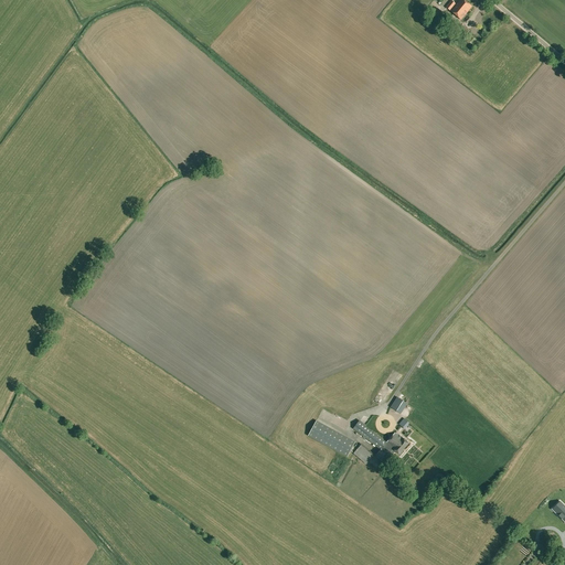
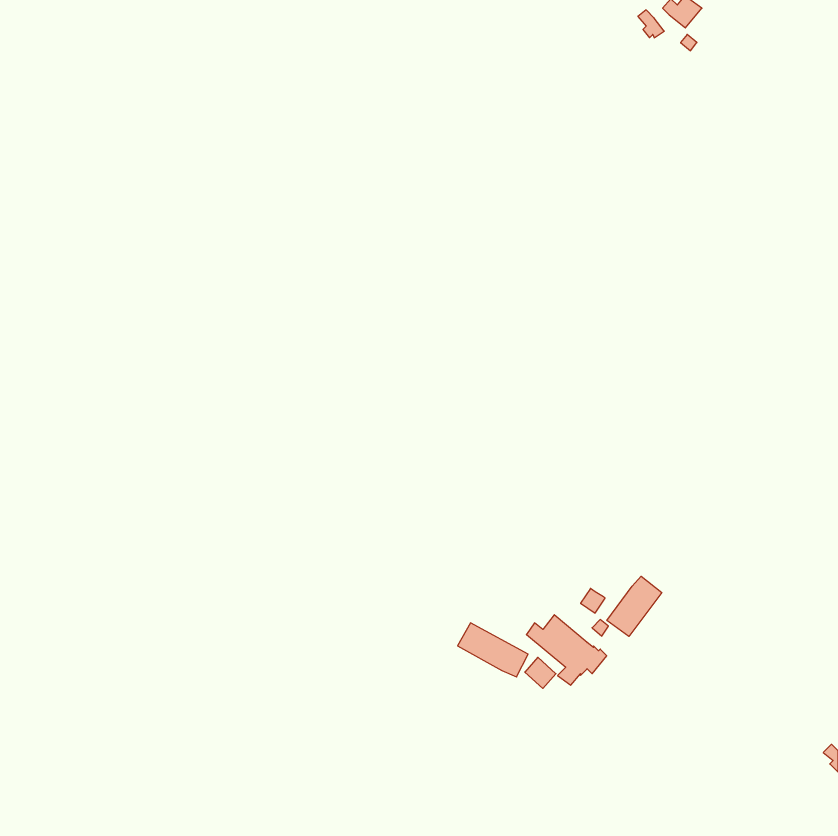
building: none -> [607,576,662,636]

